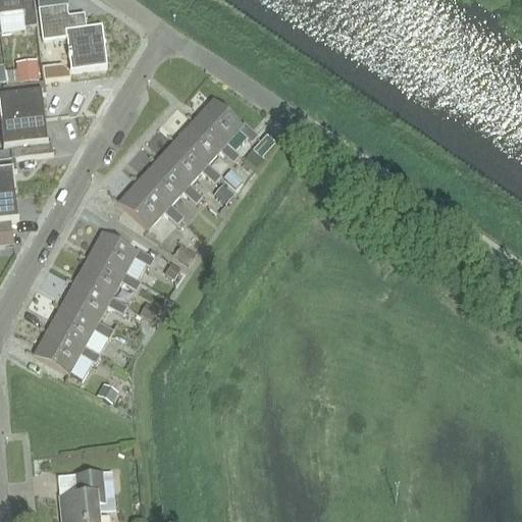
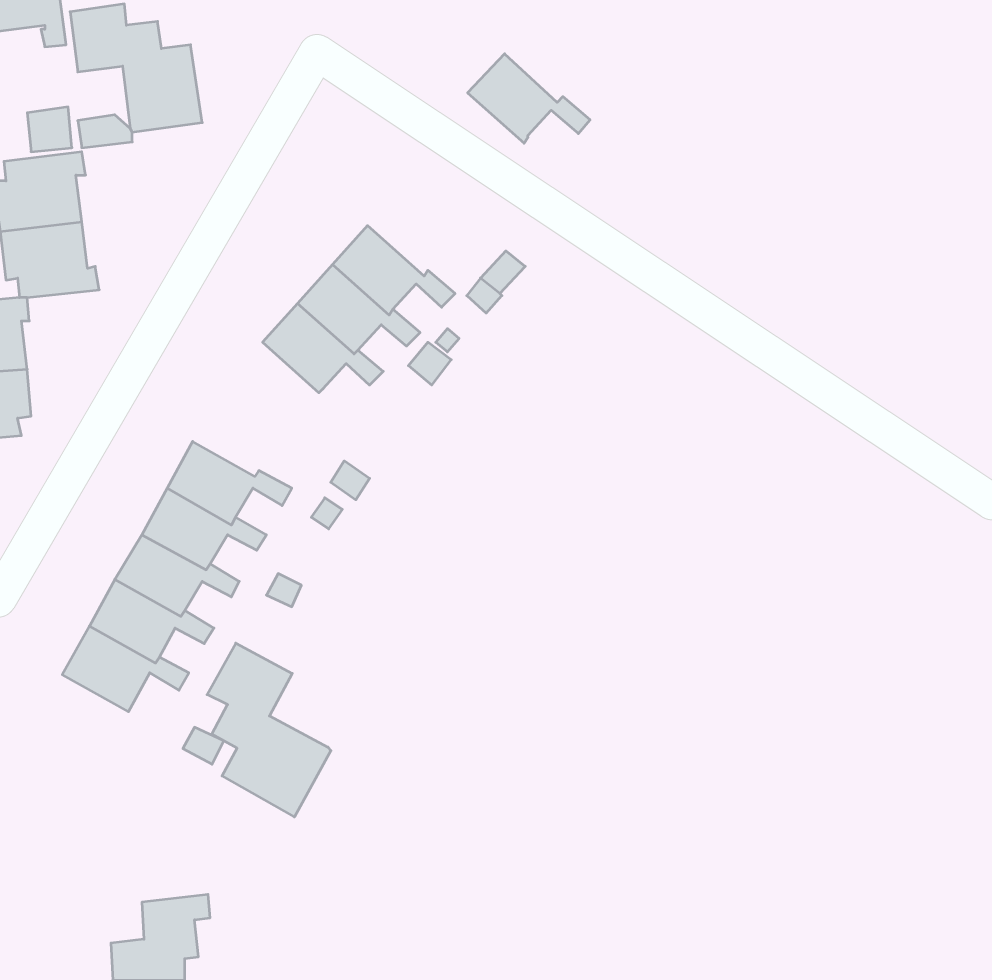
building: [193,98,257,145] -> [468,54,590,143]
building: [117,179,182,228] -> none
building: none -> [207,643,331,817]

